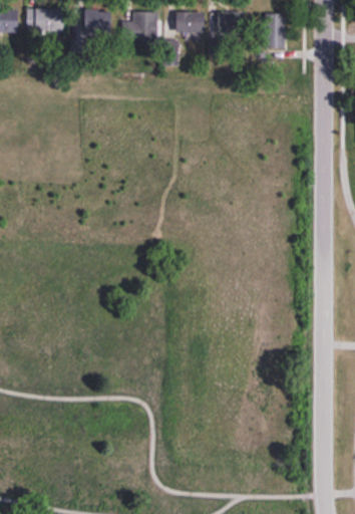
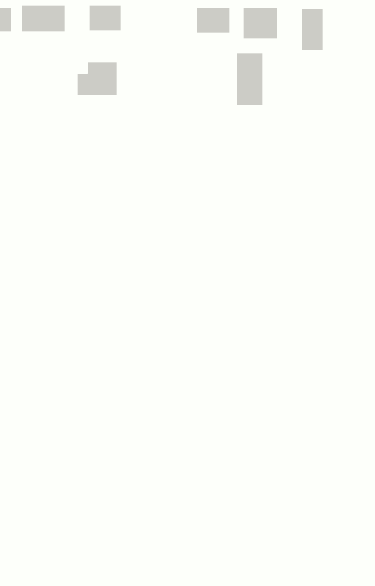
building: [122,11,157,40] -> [77,62,118,96]
building: none -> [236,52,263,106]

